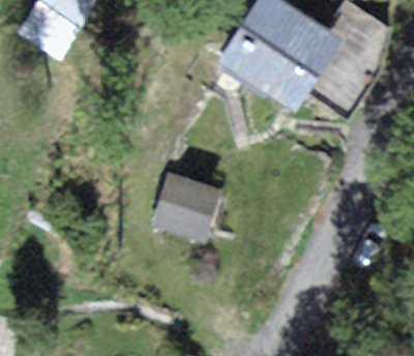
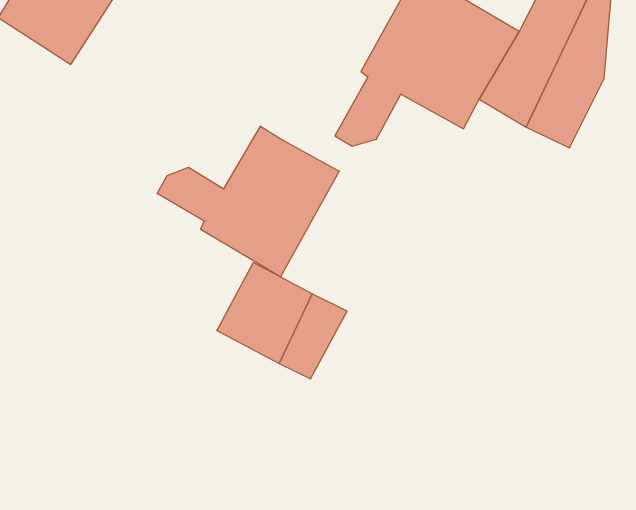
building: none -> [157,126,339,277]

